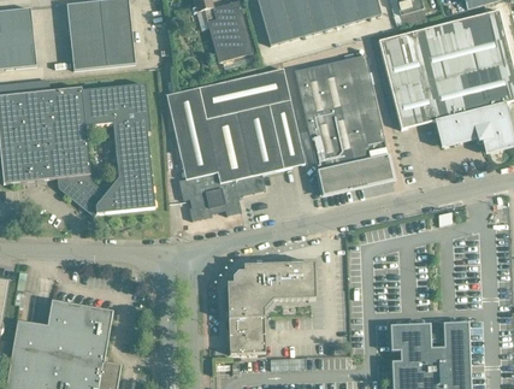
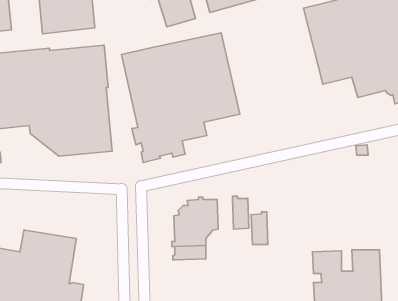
building: [295,53,394,194] -> none
building: [278,259,297,297] -> [251,212,268,245]
building: [226,332,266,352] -> none

